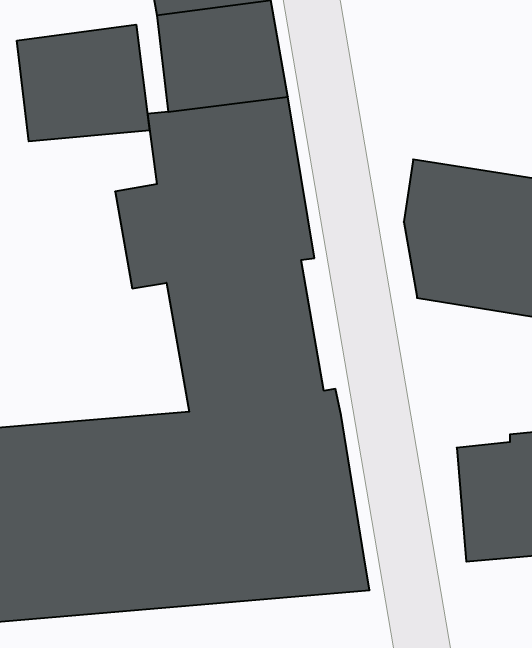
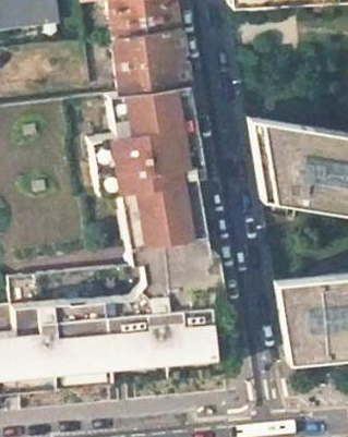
building: [17,25,150,141] -> none

